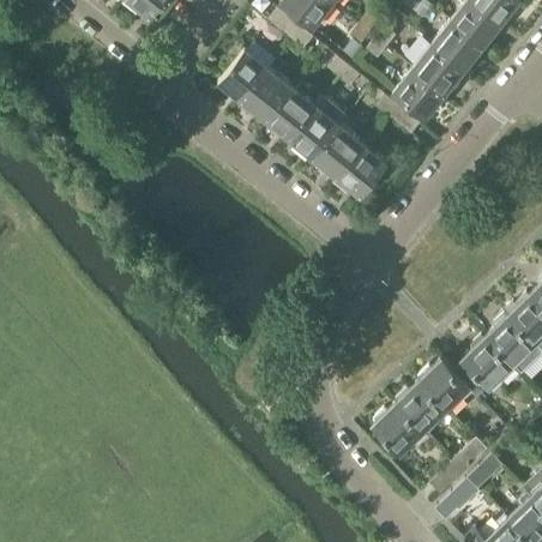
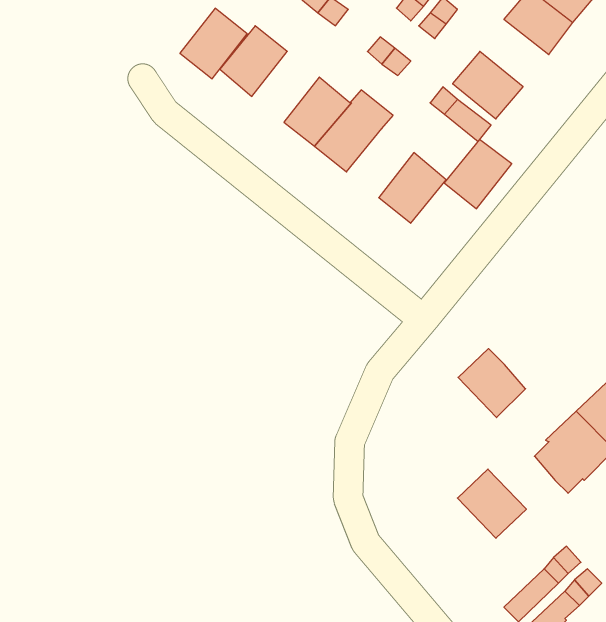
building: [412,46,464,96] -> none
building: [242,70,293,122] -> [180,8,247,79]
building: [313,127,363,179] -> [444,140,512,209]
building: [418,360,469,411] -> [458,349,526,418]
building: [373,403,424,454] -> none

